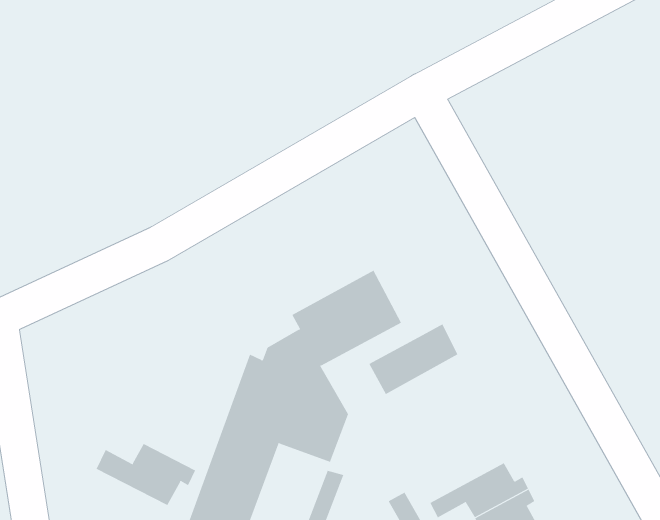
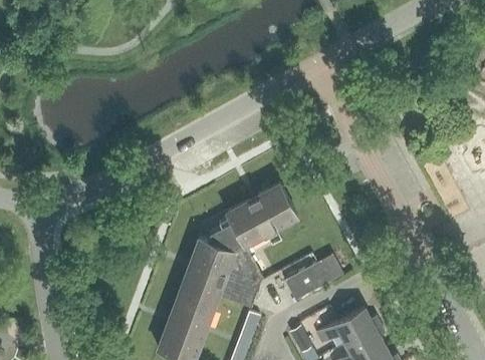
building: [368,323,458,395] -> [284,254,342,300]
building: [96,443,196,506] -> none

